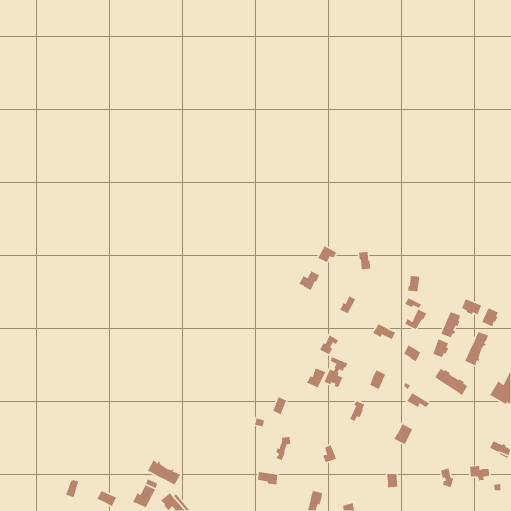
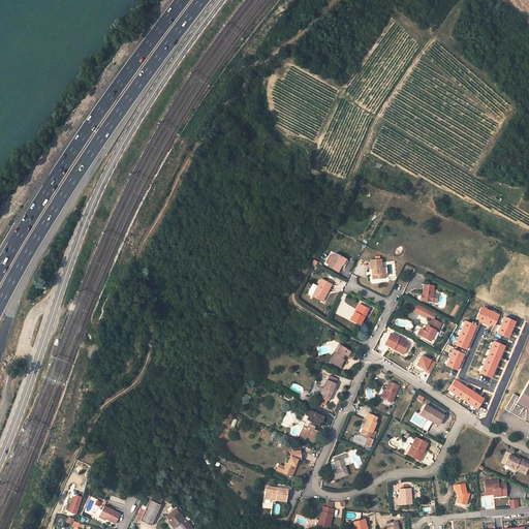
building: [323,356,348,388] -> [299,409,324,442]
building: [147,460,181,485] -> none

